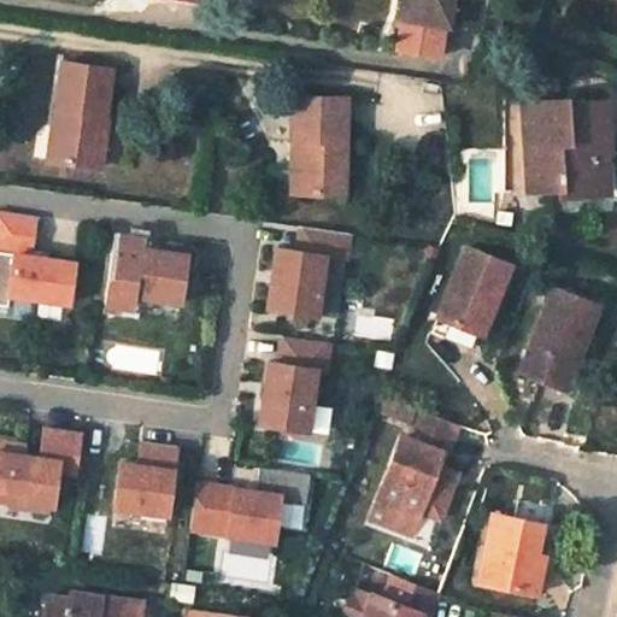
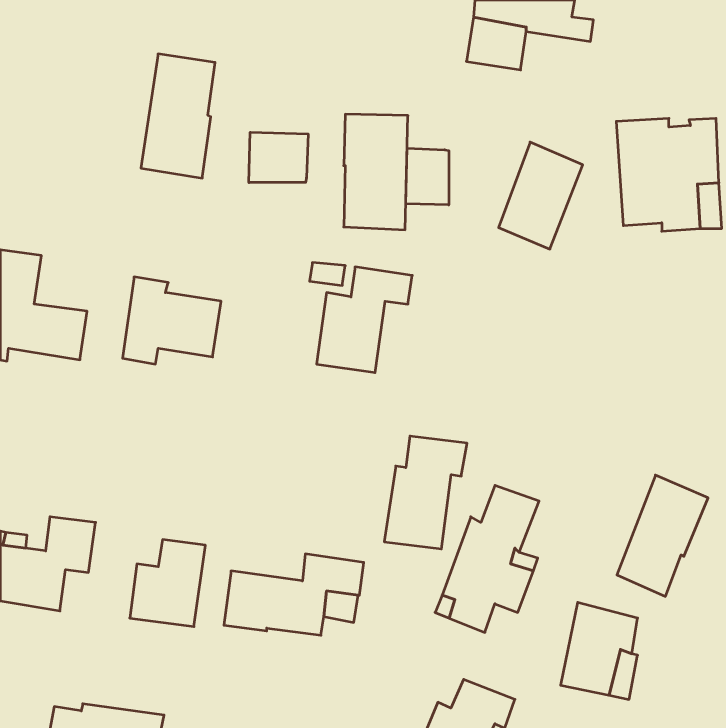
building: [49,63,112,168] -> [141,54,215,178]
building: none -> [249,132,308,183]
building: none -> [406,148,449,205]
building: [437,246,509,336] -> [499,142,583,249]
building: [522,289,599,392] -> [617,475,708,596]
building: [262,336,331,431] -> [384,436,467,549]

